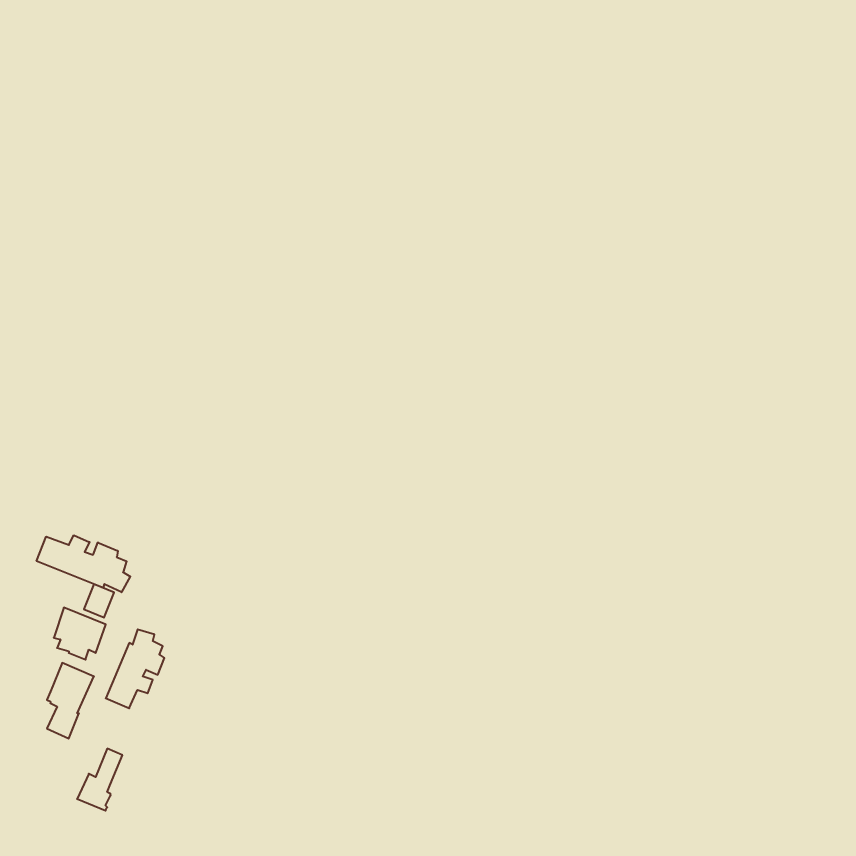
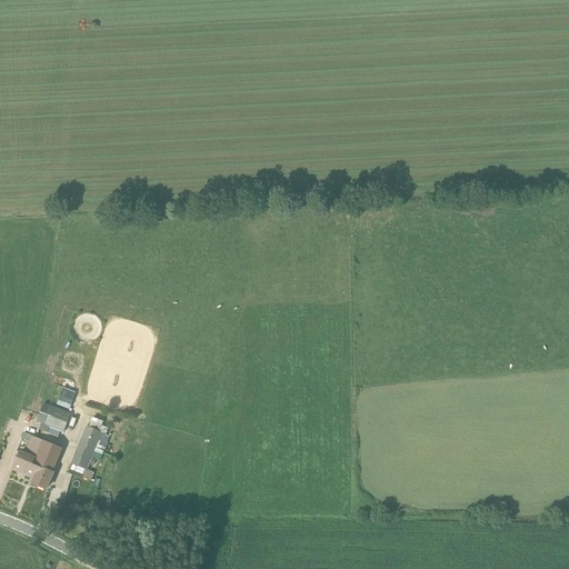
building: [37,535,130,592] -> none
building: [77,749,122,811] -> [11,435,41,476]

